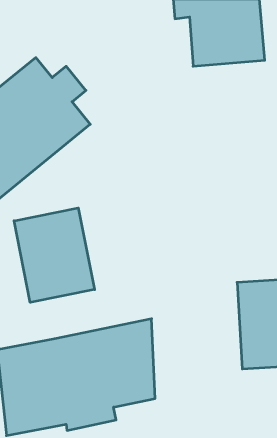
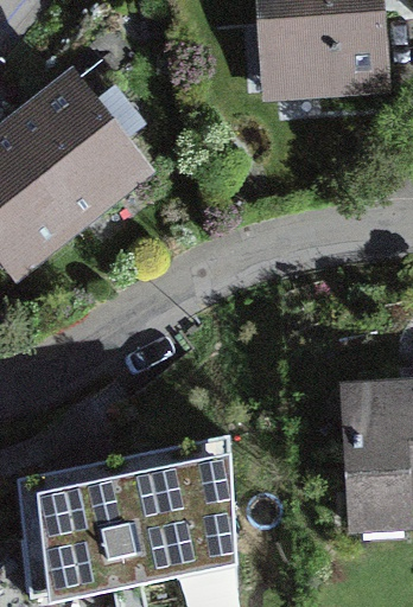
building: [14,208,95,302] -> none

